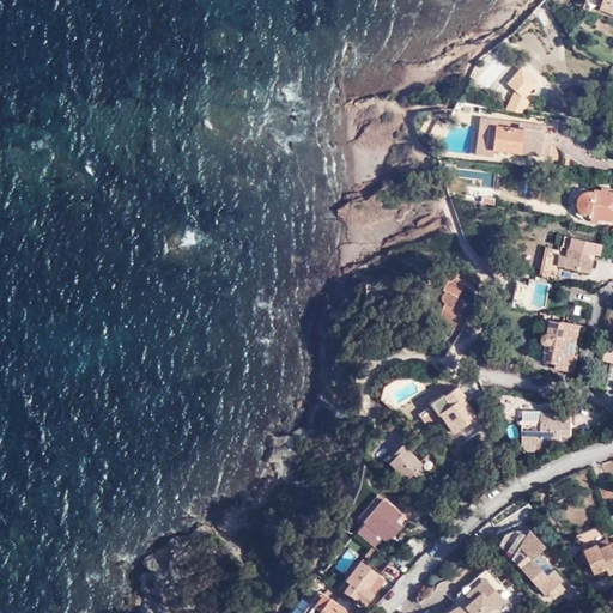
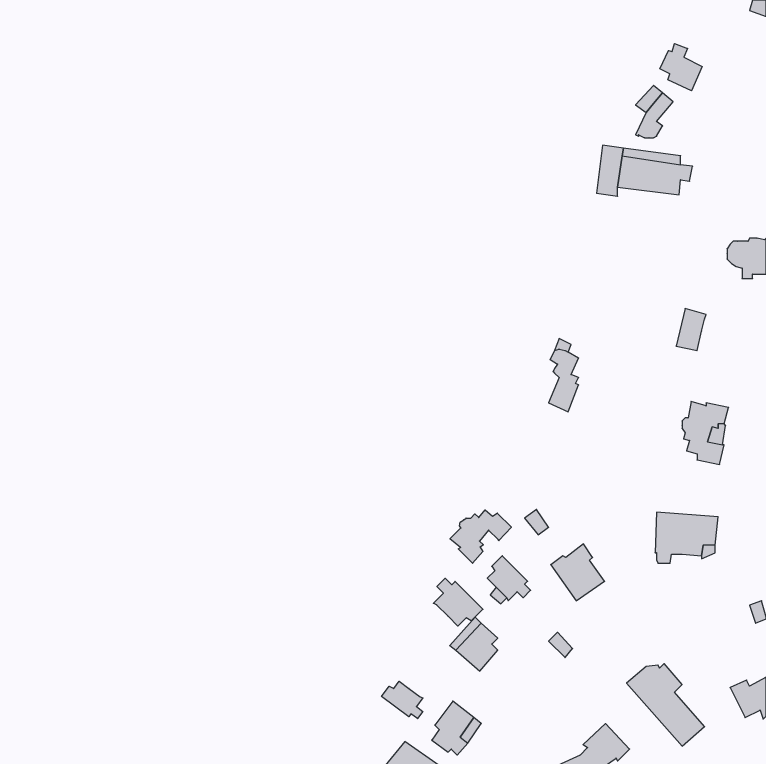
building: none -> [660,44,702,91]
building: [565,237,605,274] -> none
building: [432,388,475,433] -> [551,544,605,601]
building: none -> [450,510,511,563]
building: none -> [433,578,483,626]
building: none -> [382,681,423,719]

